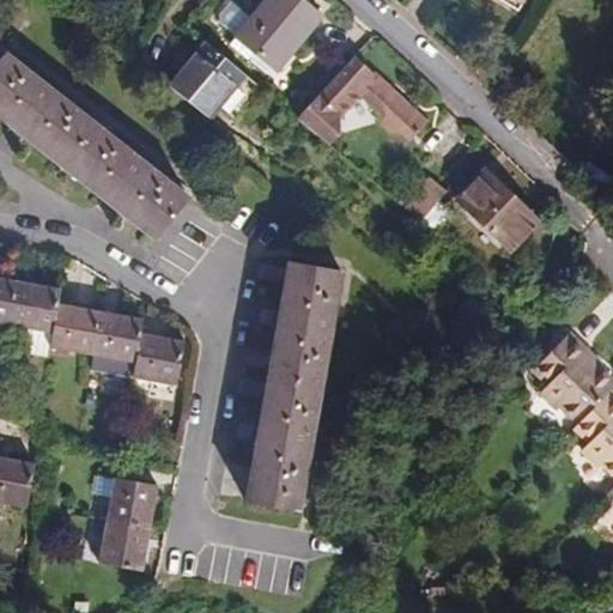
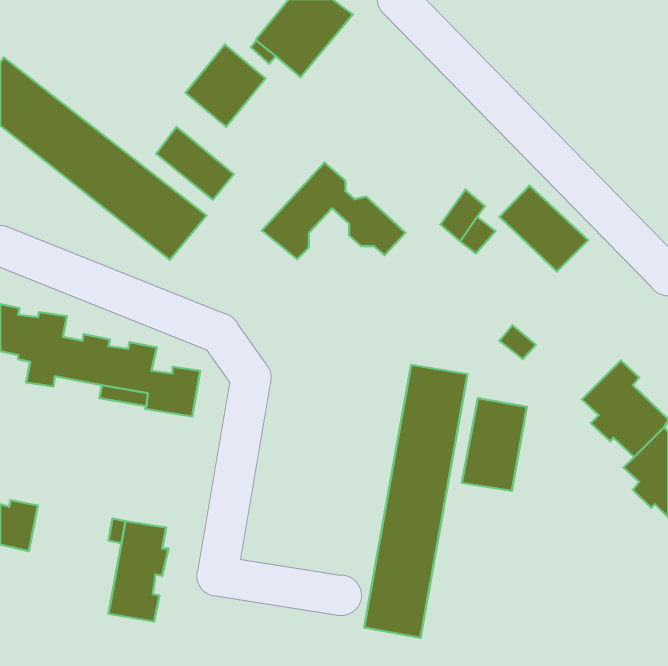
building: [297,55,429,144] -> [262,162,406,259]
building: none -> [156,127,234,200]
building: [247,261,341,511] -> [364,365,467,638]
building: none -> [462,398,527,491]

